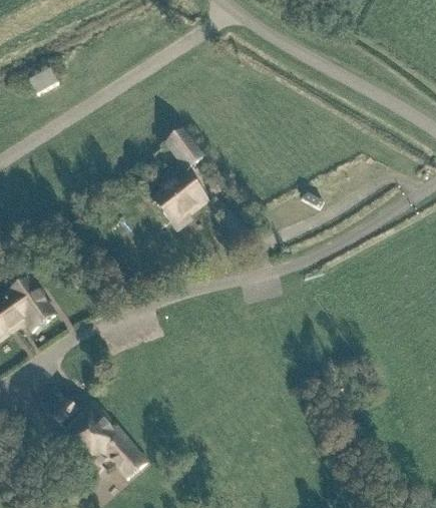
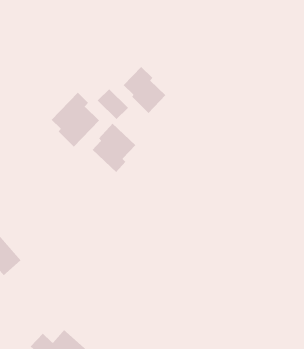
building: none -> [123,66,166,114]
building: none -> [51,92,100,147]

